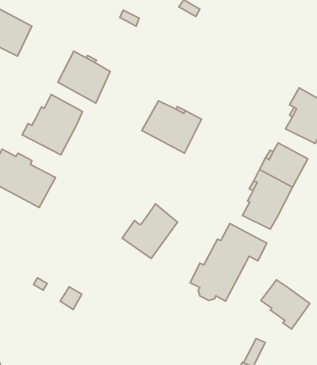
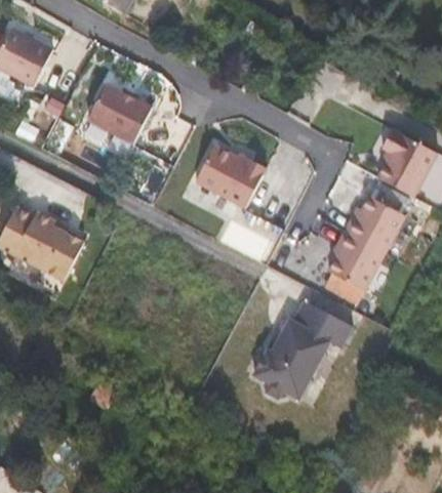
building: [22,94,82,155] -> none
building: [122,204,178,259] -> none
building: [261,280,310,329] -> none

